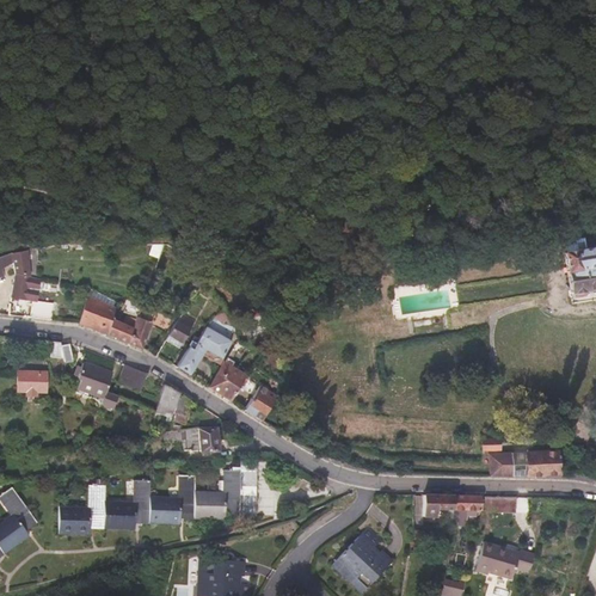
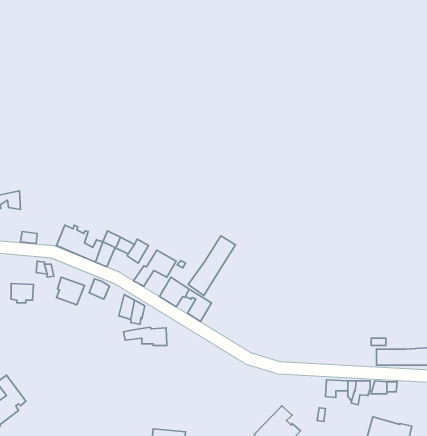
building: [13,271,41,300] -> none
building: none -> [188,236,235,295]
building: [60,459,259,532] -> none

